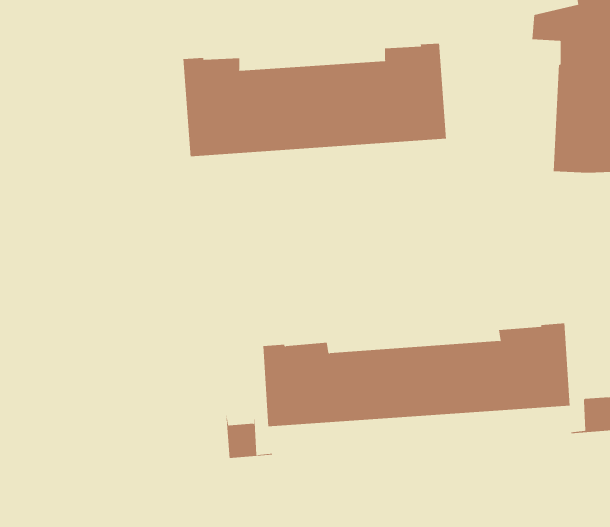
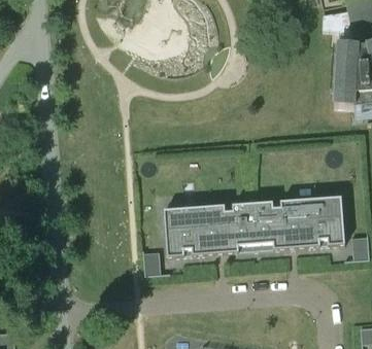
building: [183,43,447,157] -> none

